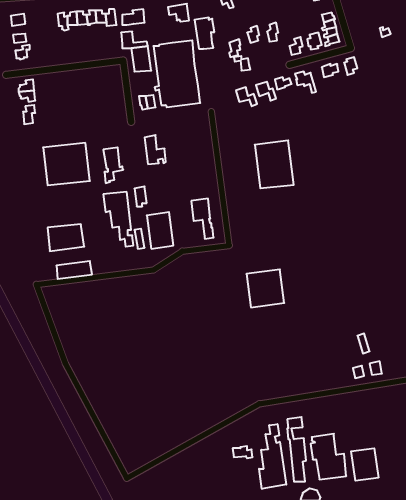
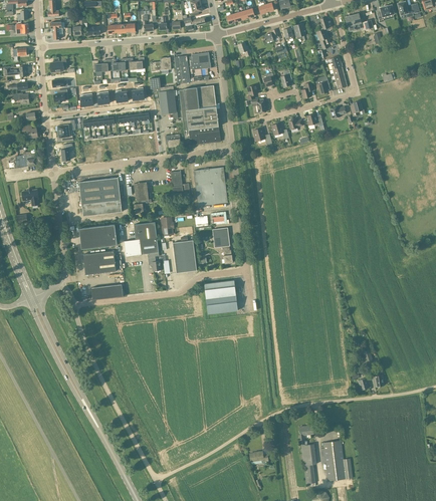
building: [194,18,214,49] -> [174,54,192,82]
building: [255,140,294,188] -> [194,166,229,209]
building: none -> [79,223,118,248]
building: [246,269,284,307] -> [204,279,238,313]
building: [259,424,286,489] -> none
building: [351,448,378,481] -> none

